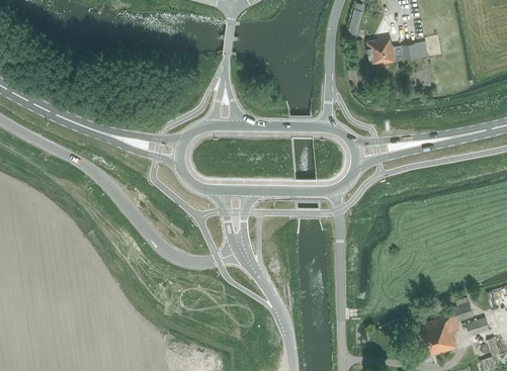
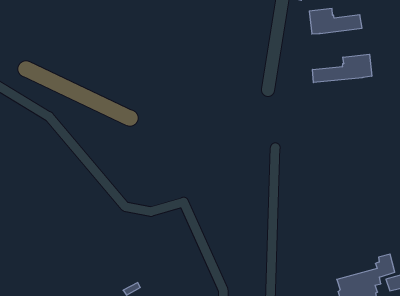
building: none -> [313,54,372,83]

